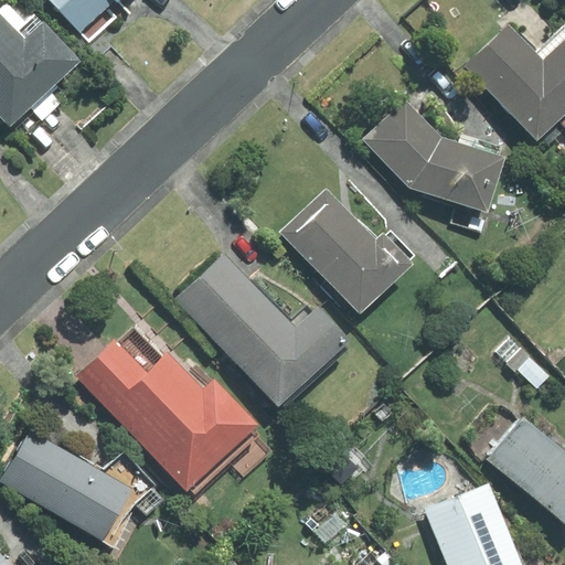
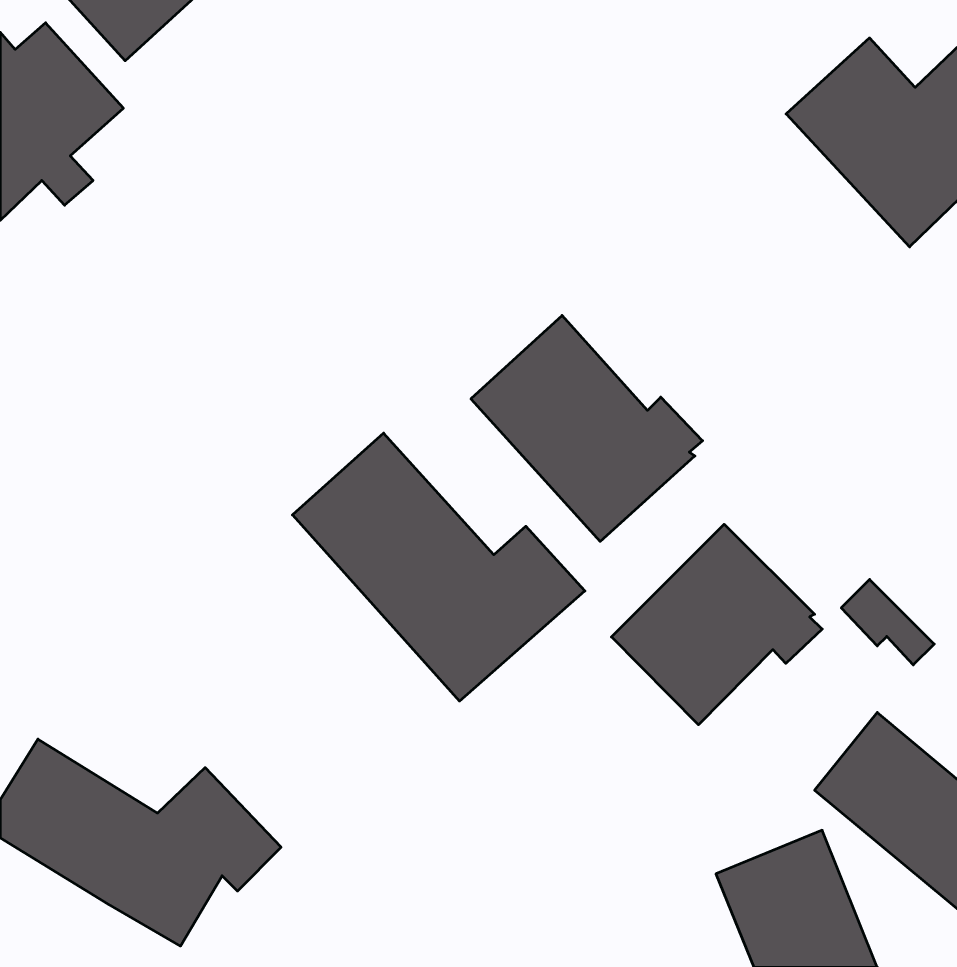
building: [363,98,504,214] -> none
building: none -> [611,524,822,725]
building: [78,319,278,498] -> none

